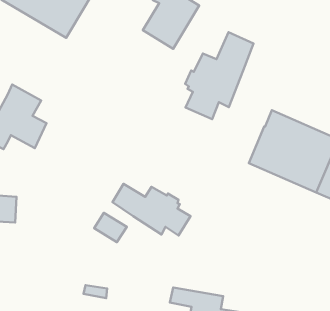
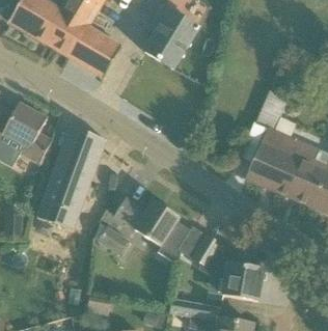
building: none -> [71,26,122,77]
building: [185,32,253,119] -> none
building: none -> [37,126,106,229]
building: none -> [192,233,264,300]

